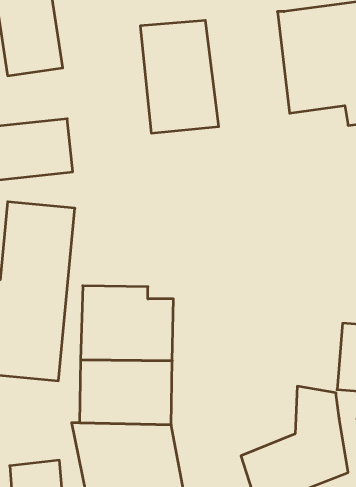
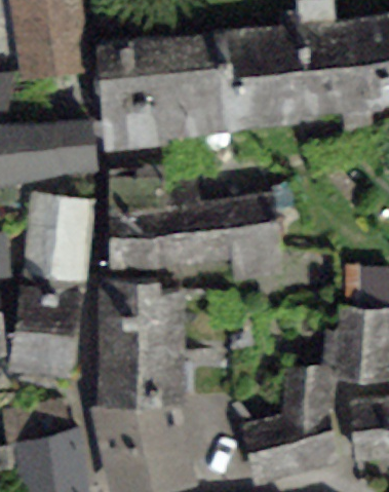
building: none -> [212,25,290,131]
building: none -> [94,38,163,150]
building: none -> [107,195,280,279]

